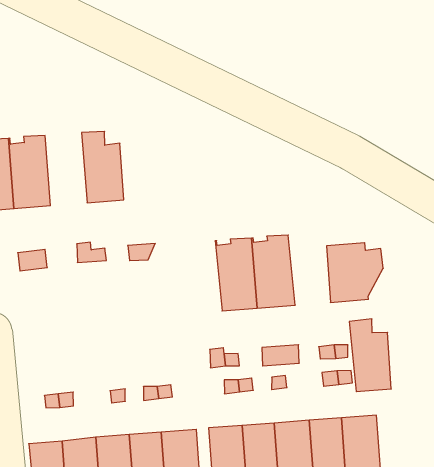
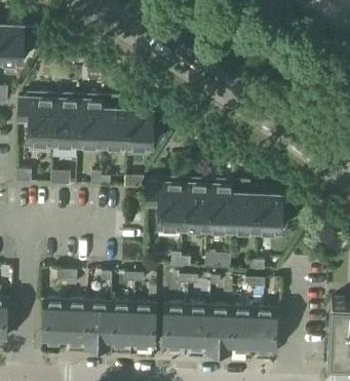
building: none -> [75,97,102,145]
building: none -> [124,108,162,147]
building: none -> [145,180,182,228]
building: [349,319,391,392] -> [230,183,256,231]

